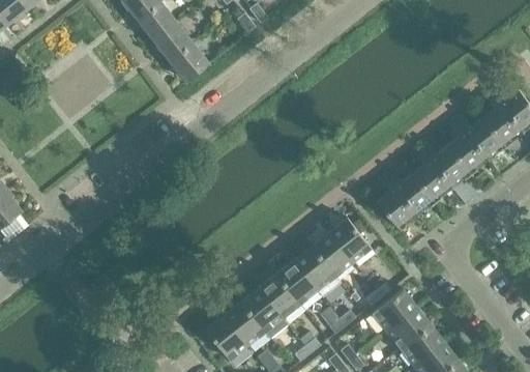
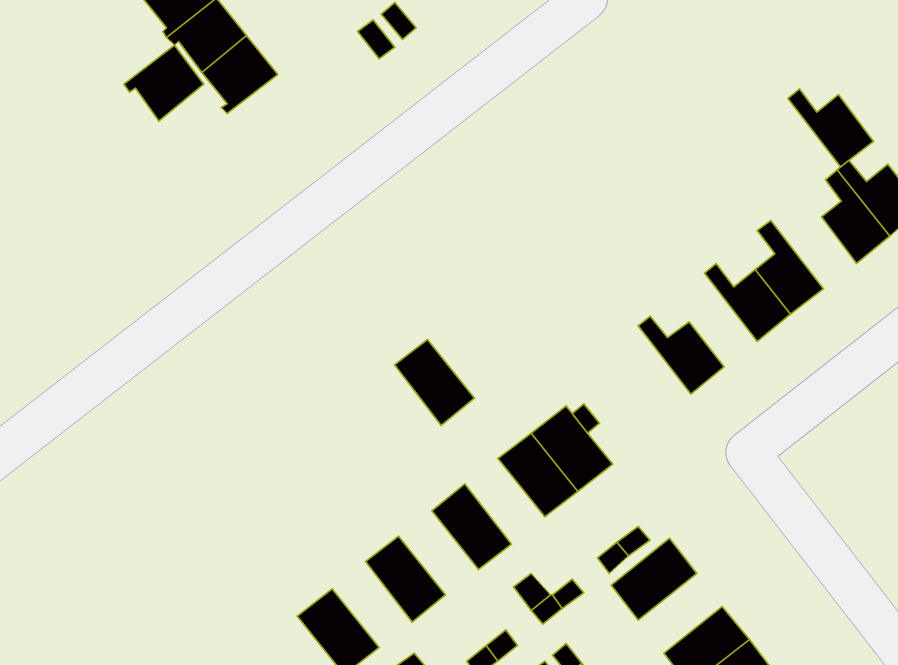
building: [168,42,210,83] -> [124,45,204,121]
building: [457,115,502,156] -> [788,89,873,167]
building: [413,148,449,198] -> none
building: [377,176,414,226] -> none
building: [294,247,336,292] -> [394,340,474,425]
building: [259,275,301,319] -> none
building: [224,302,266,347] -> none
building: [386,308,431,350] -> none

